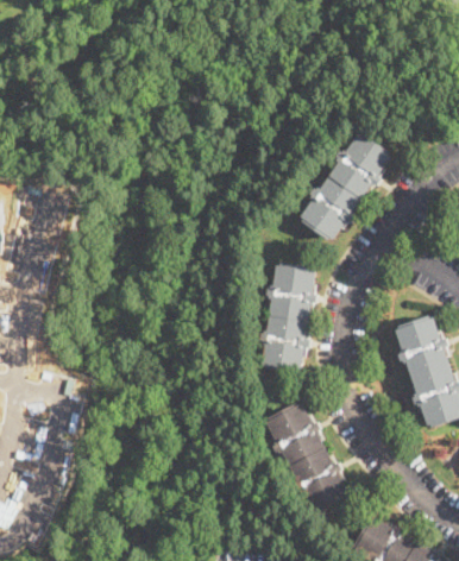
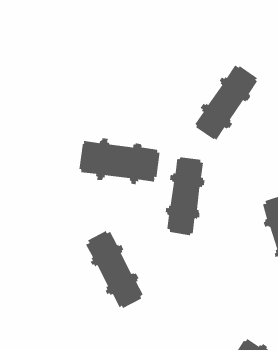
building: none -> [79,137,160,185]
building: [266,402,348,512] -> [85,230,144,309]

